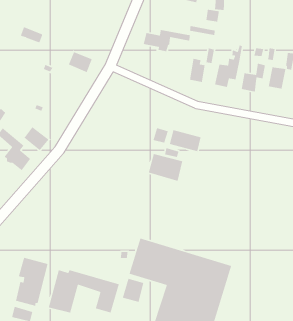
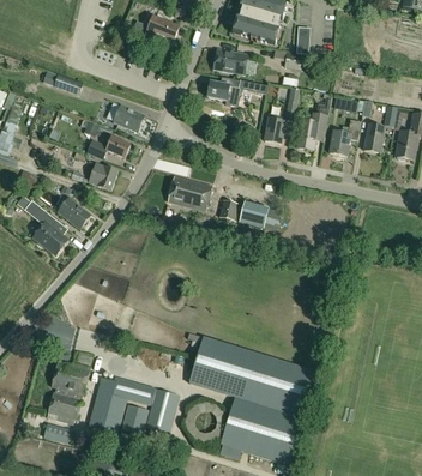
building: none -> [212,48,247,74]
building: none -> [86,137,129,158]
building: none -> [88,163,117,191]
building: [148,153,183,182] -> [167,175,211,211]
building: [122,278,144,303] -> [120,403,147,434]

